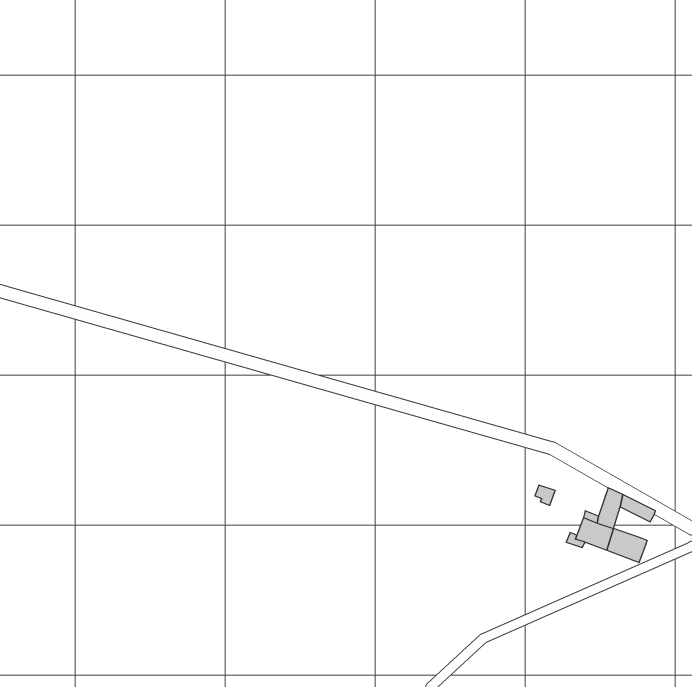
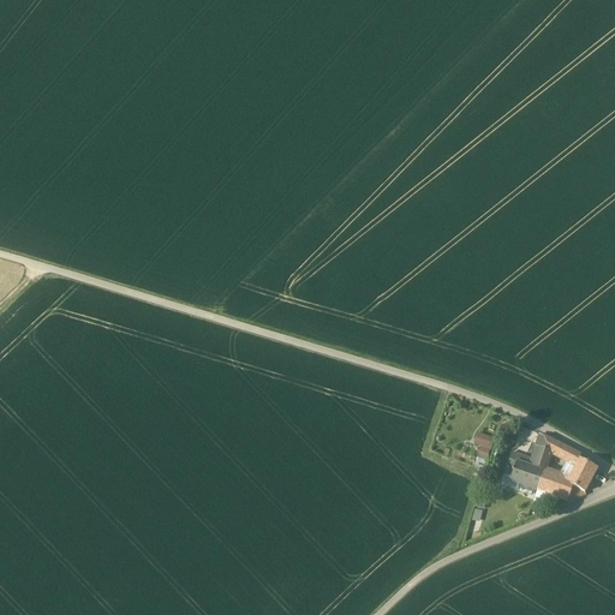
building: none -> [568,456,597,489]

